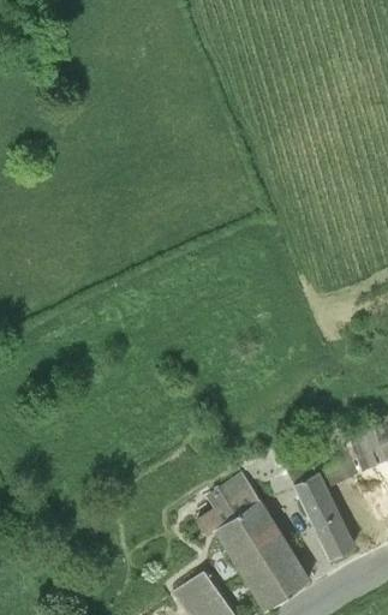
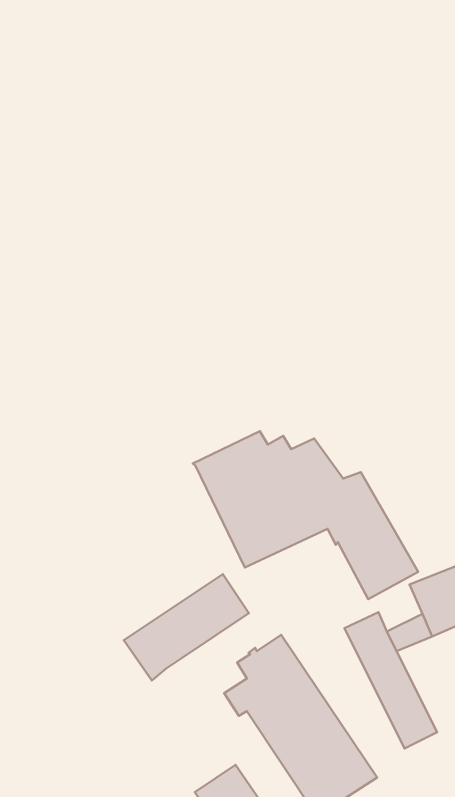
building: none -> [193,431,418,599]
building: none -> [124,574,249,680]

